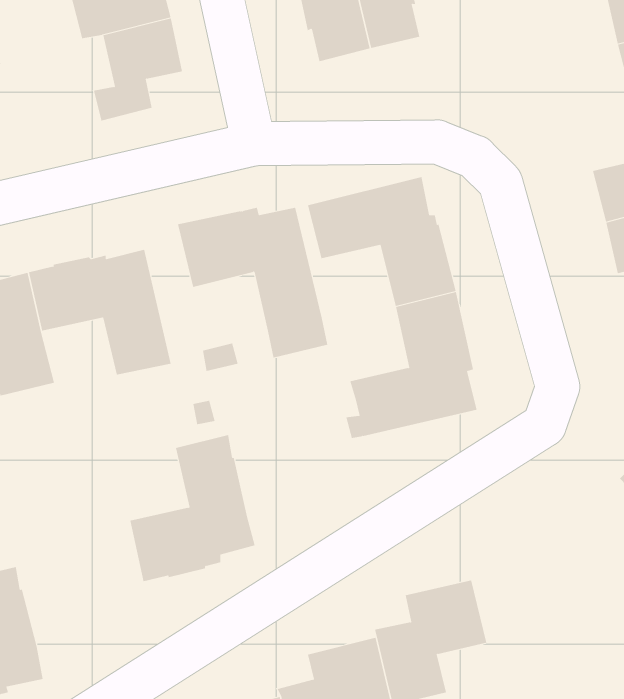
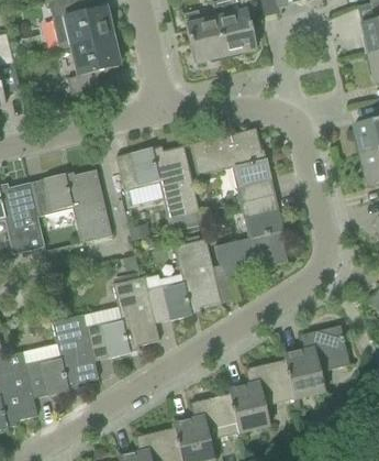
building: none -> [148,239,221,323]
building: none -> [26,315,99,398]
building: none -> [283,325,349,398]

